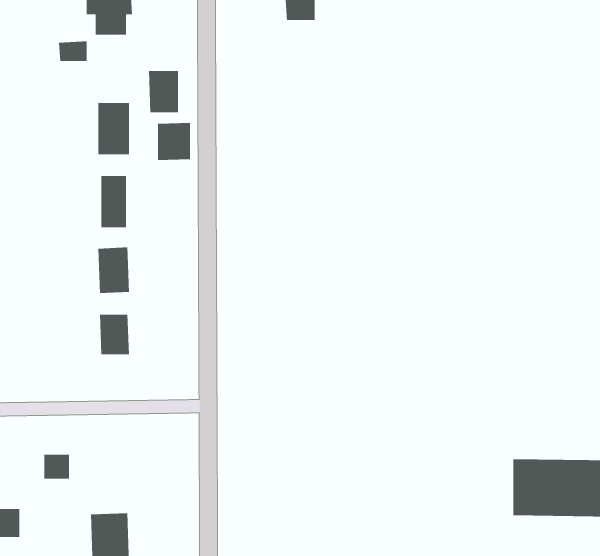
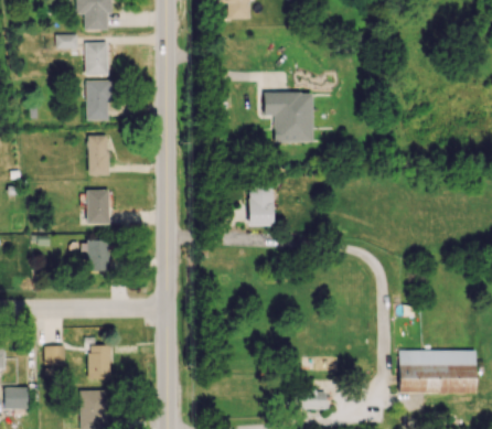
building: [148,70,179,113] -> [85,43,108,75]
building: none -> [264,92,313,143]
building: [157,122,190,161] -> none
building: none -> [248,185,274,226]
building: none -> [89,346,111,379]
building: none -> [299,392,327,409]

